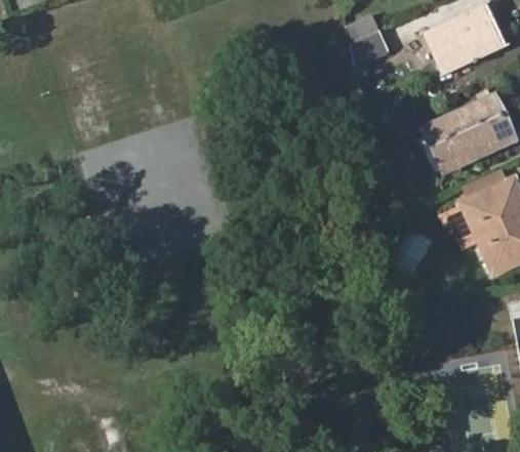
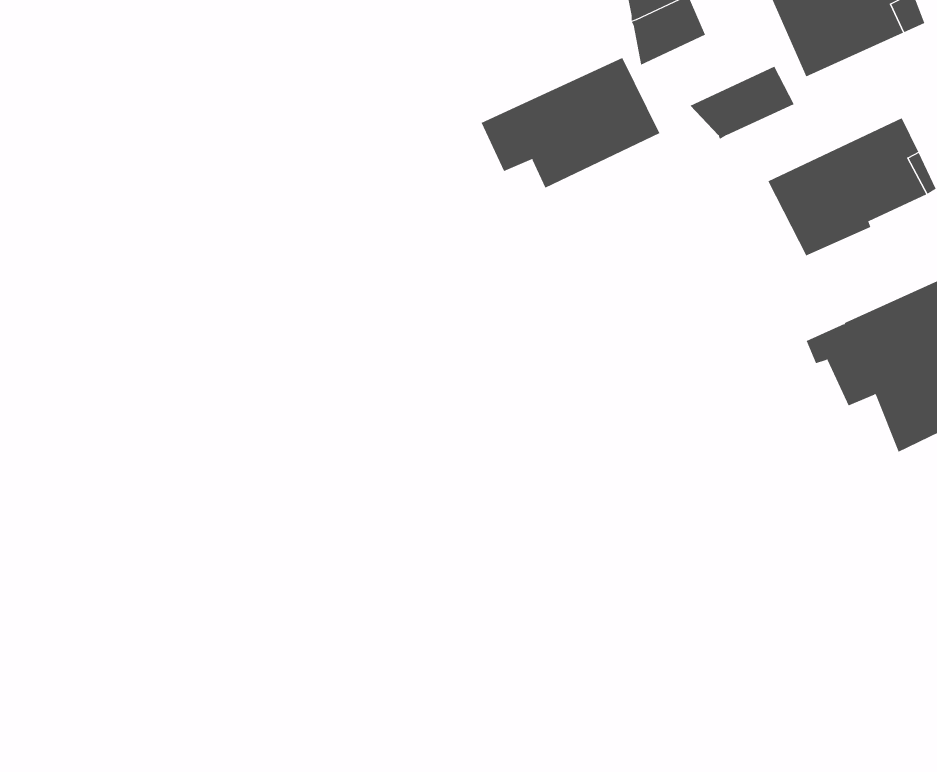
building: none -> [481,57,660,188]
building: none -> [689,66,795,140]

